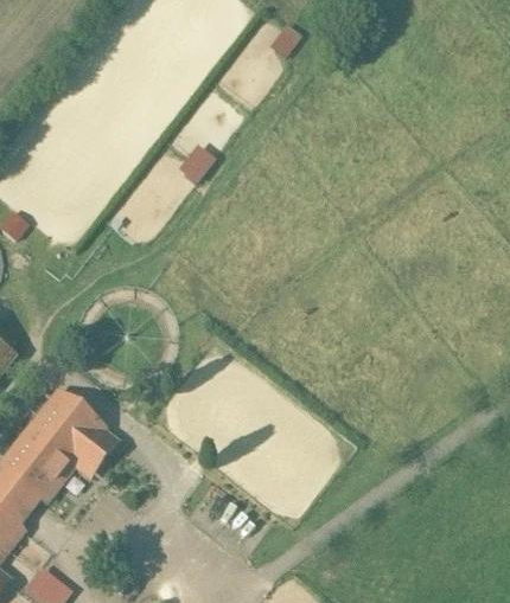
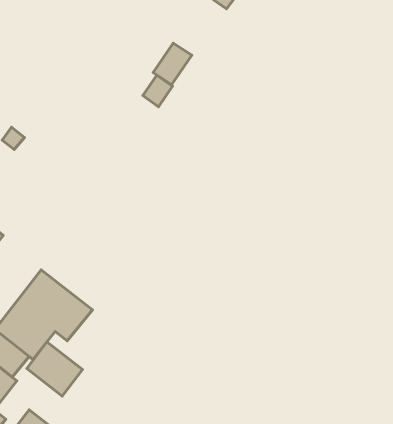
building: none -> [153,43,192,85]
building: none -> [27,342,82,396]

